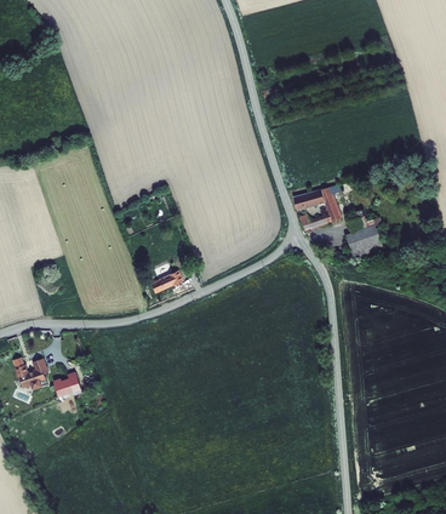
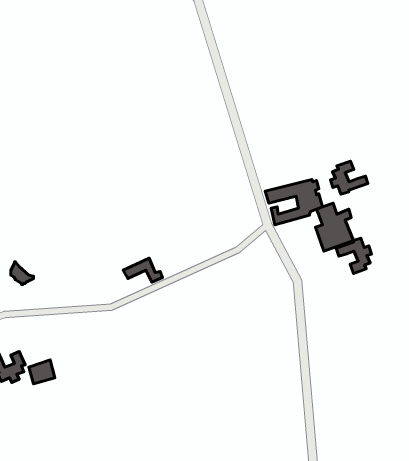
building: none -> [330,161,368,194]
building: none -> [336,238,371,273]

